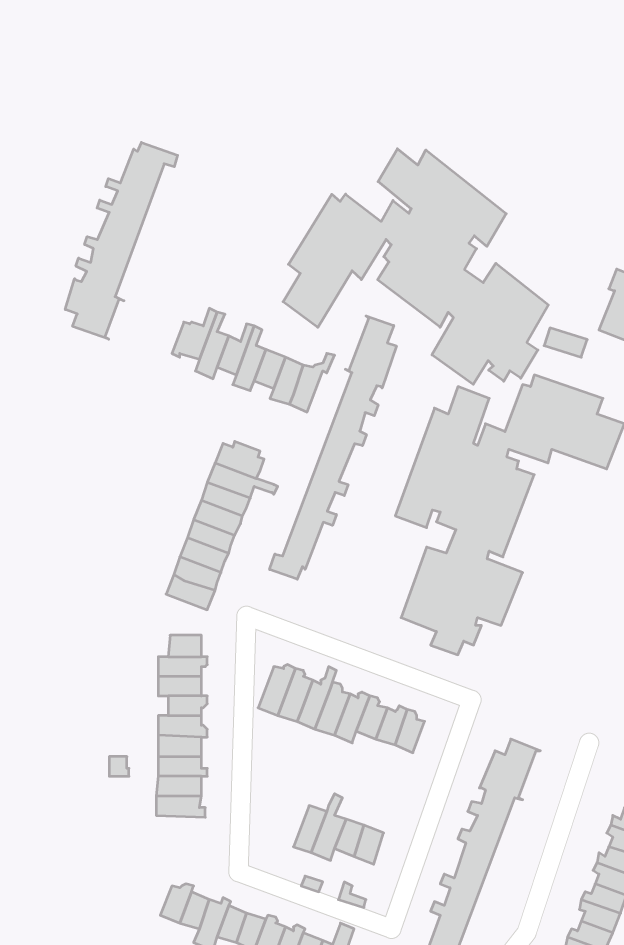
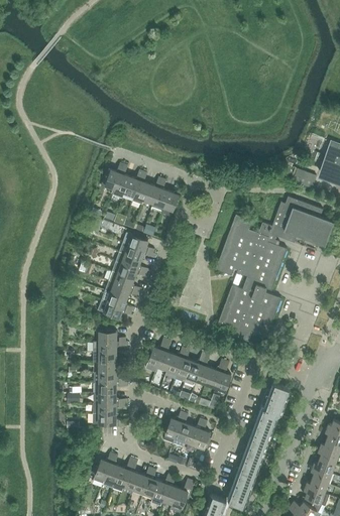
building: [65,142,178,339] -> none
building: [283,149,548,384] -> none
building: [270,316,396,579] -> none

